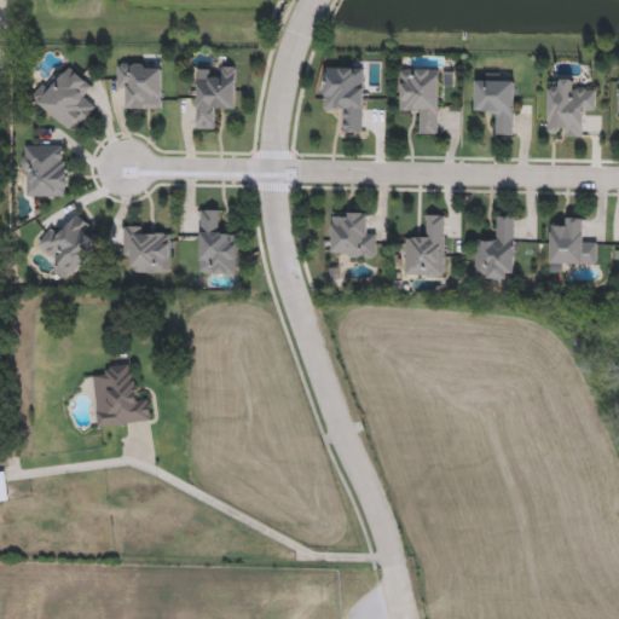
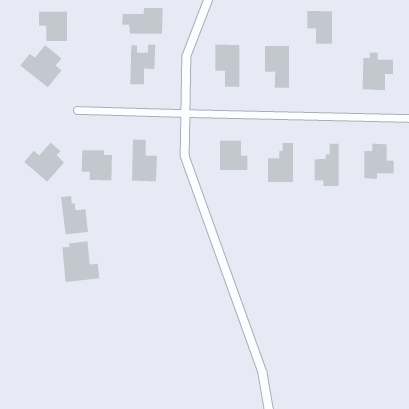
building: none -> [122,7,163,35]
building: [116,63,161,109] -> [38,11,68,41]
building: [474,80,514,131] -> [307,10,333,44]
building: [21,145,66,197] -> none
building: none -> [61,195,89,235]

